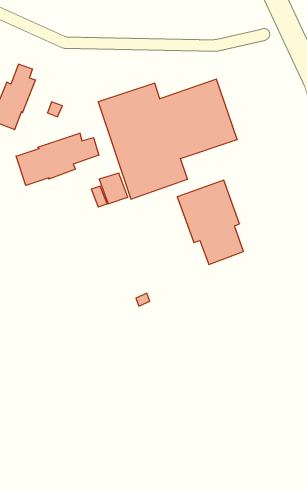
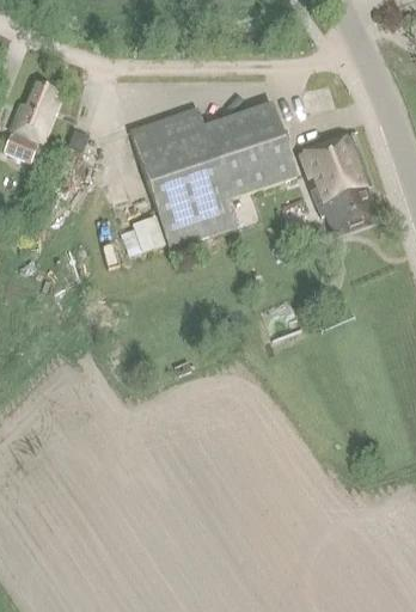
building: [16,133,99,185] -> none
building: [177,180,244,264] -> [296,130,377,232]

